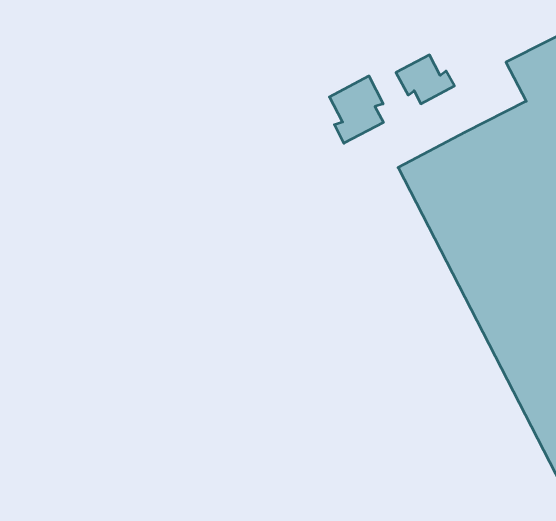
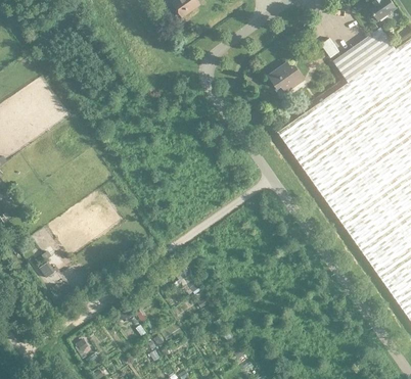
building: [329,76,383,143] -> none

